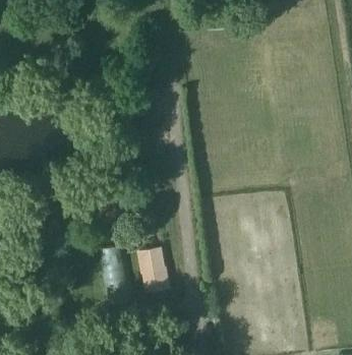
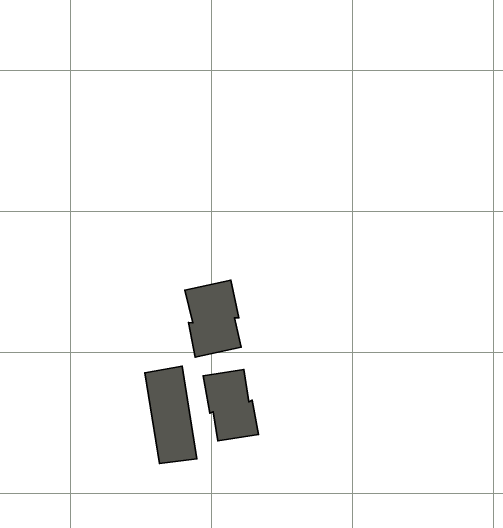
building: none -> [185,280,241,357]

